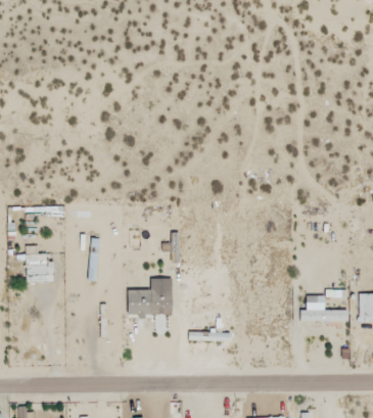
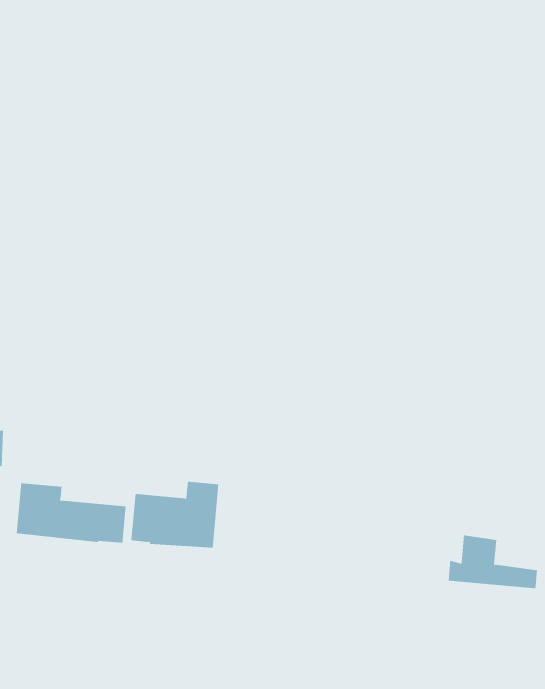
building: none -> [16,482,126,544]

